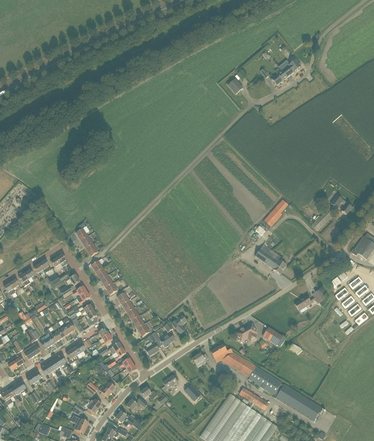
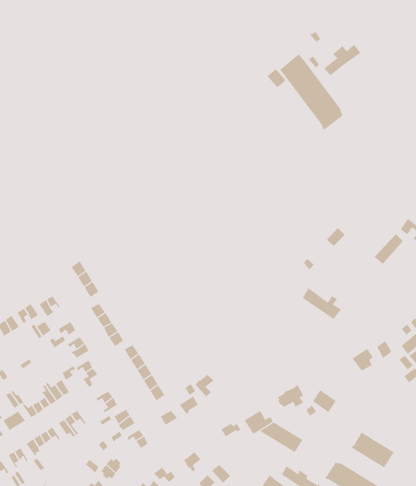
building: none -> [279,53,343,130]
building: [247,366,281,394] -> [351,432,395,468]

